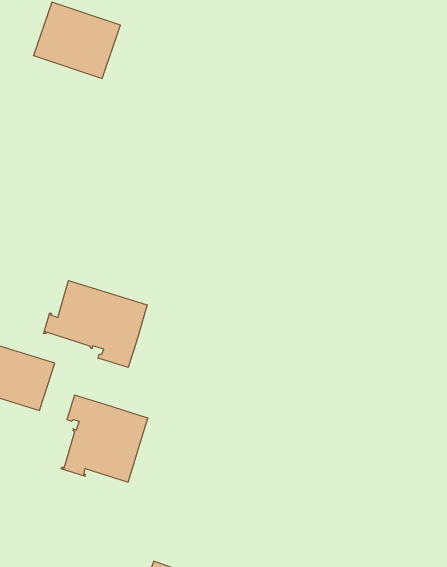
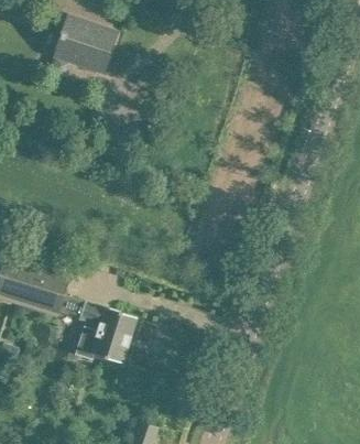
building: [44,281,147,367] -> none

